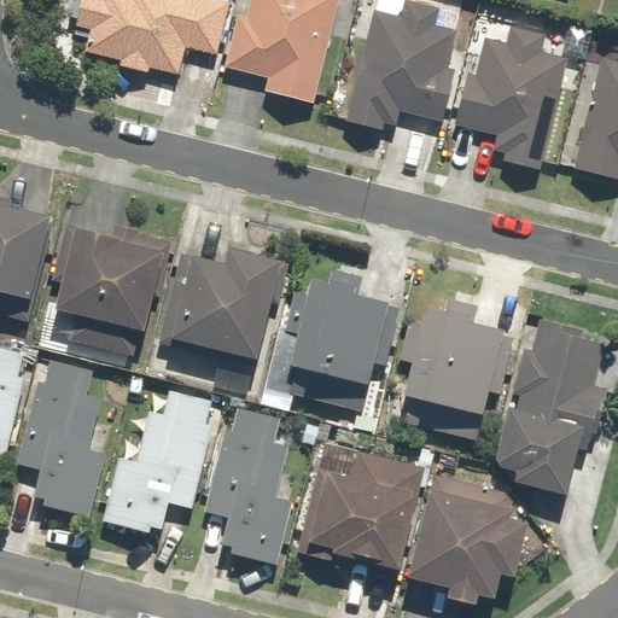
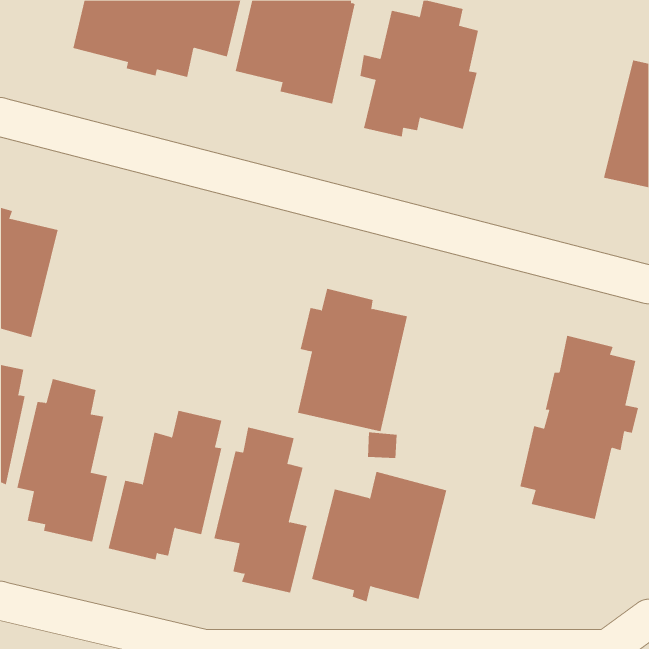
building: [453,24,567,170] -> none
building: [52,228,165,357] -> none
building: [158,247,279,360] -> none
building: [402,305,502,441] -> none
building: [407,473,527,604] -> none

